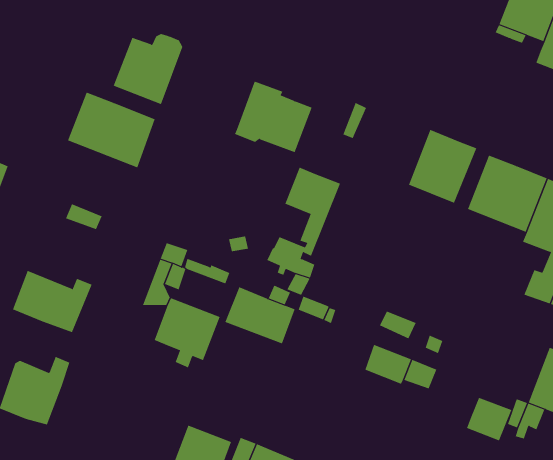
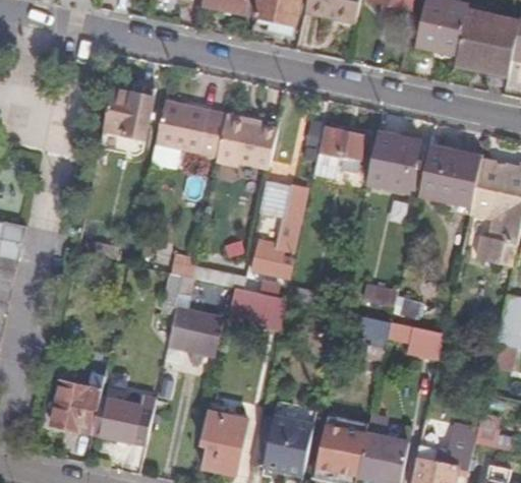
building: [67,92,156,168] -> [152,102,222,158]
building: none -> [319,129,367,179]
building: [12,270,93,333] -> [98,393,161,438]
building: [466,397,512,441] -> [406,328,442,362]

